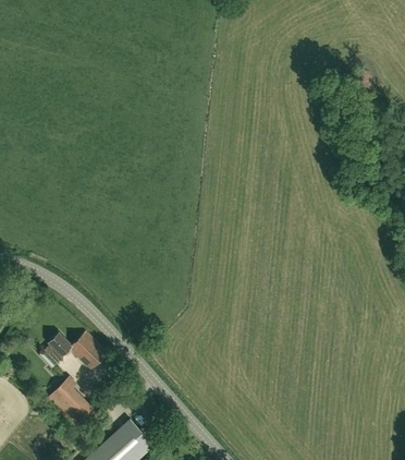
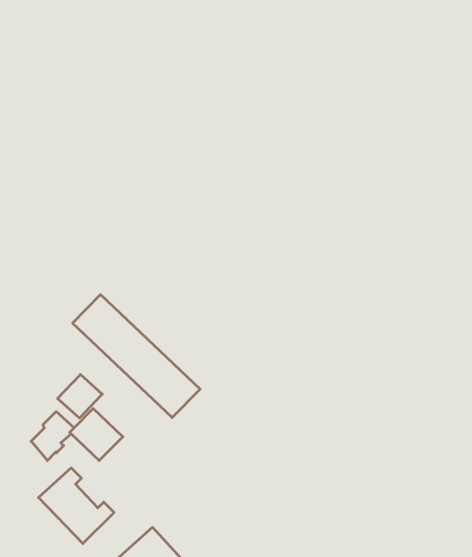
building: none -> [73,295,200,418]
building: none -> [58,374,102,418]

